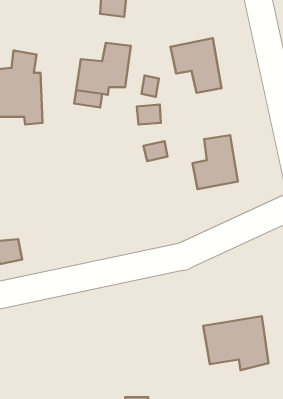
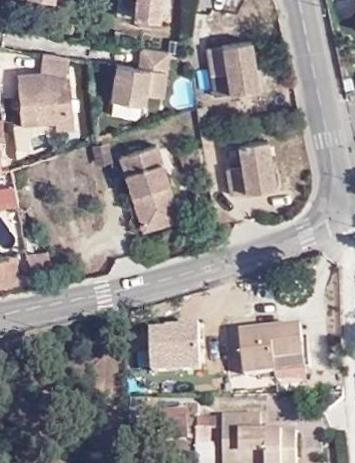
building: none -> [122,146,178,227]
building: none -> [150,324,199,370]

